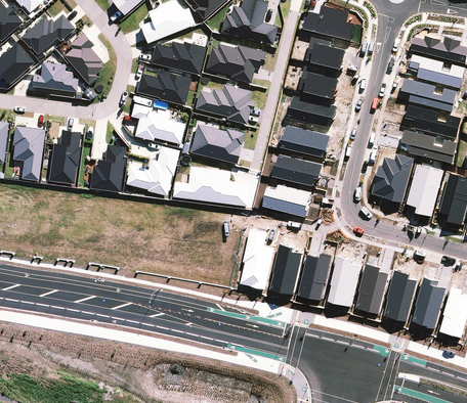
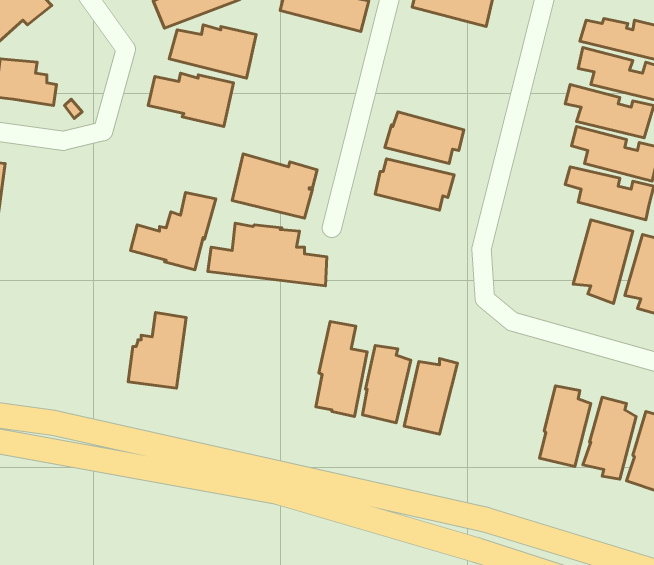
building: [63,32,105,83] -> none
building: [307,36,349,66] -> none
building: [205,43,265,82] -> none
building: [300,64,340,96] -> none
building: [194,83,254,124] -> none
building: [130,102,184,144] -> none
building: [48,129,80,183] -> none
building: [89,143,126,191] -> [128,313,186,388]
building: [272,153,324,186] -> none
building: [372,153,415,203] -> none
building: [263,183,311,217] -> none
building: [329,255,362,306] -> none
building: [356,263,389,313] -> none

